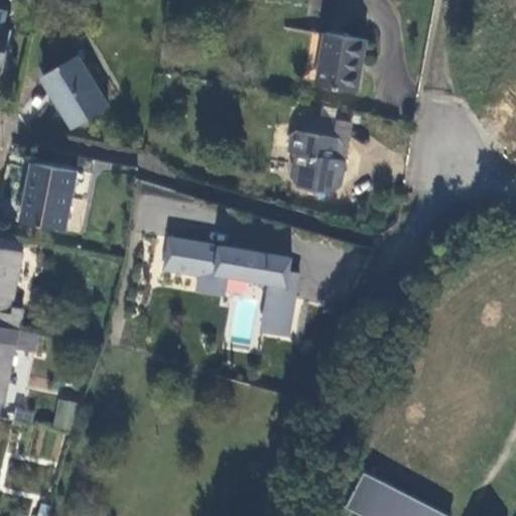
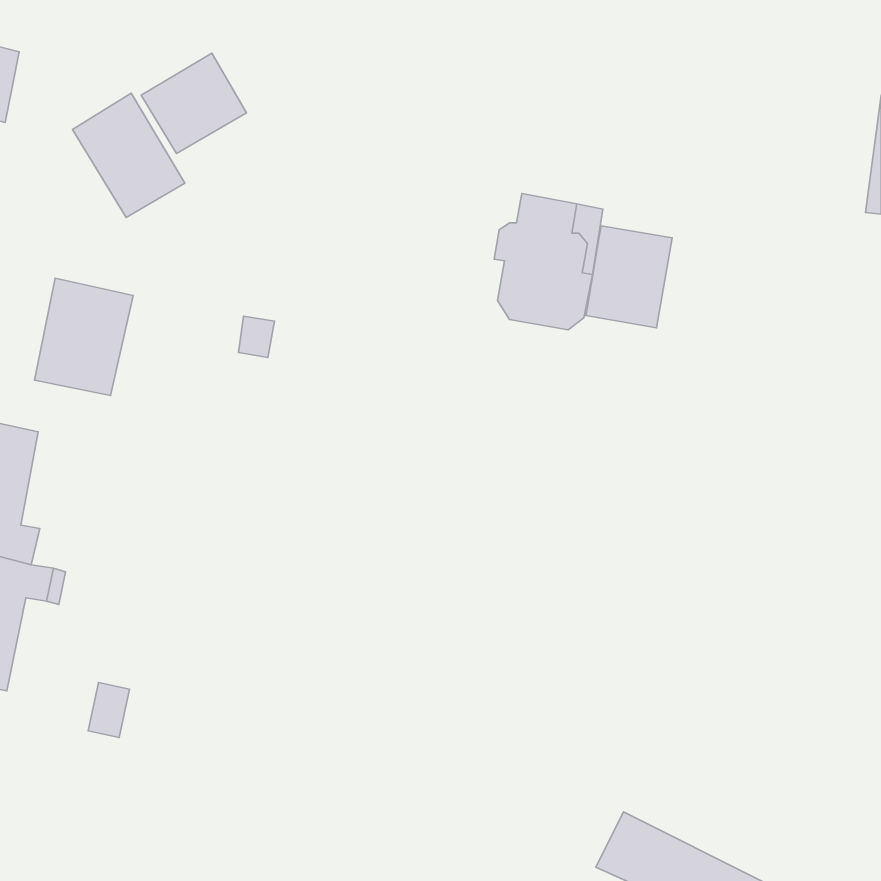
building: none -> [141,53,246,154]
building: [315,33,366,93] -> [586,226,672,328]
building: [160,239,298,339] -> none

